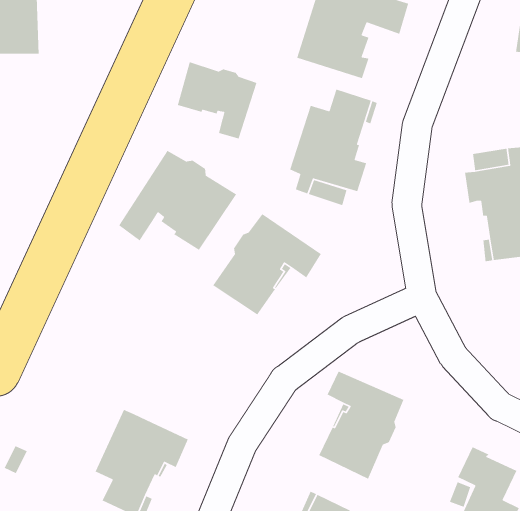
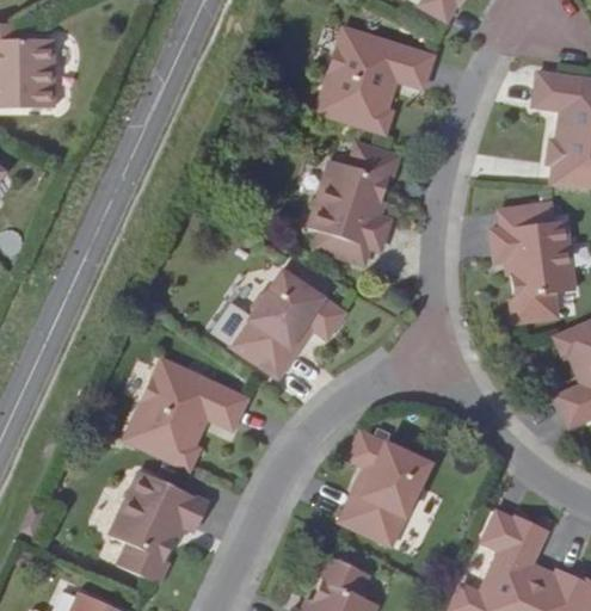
building: [177,61,258,140] -> none
building: [118,150,237,251] -> none
building: none -> [125,358,247,469]

